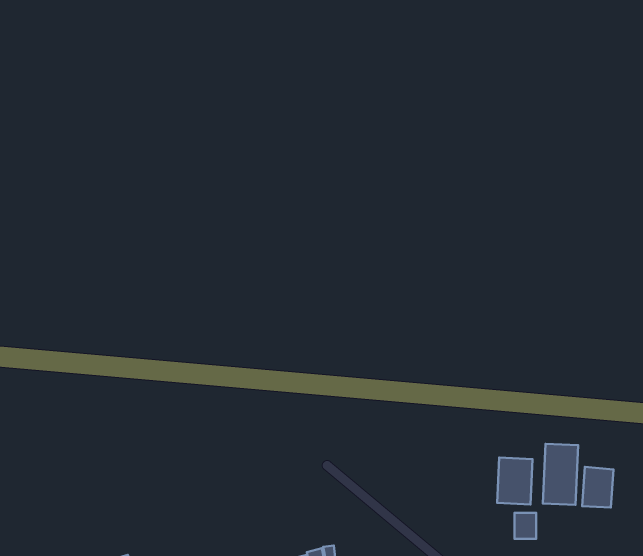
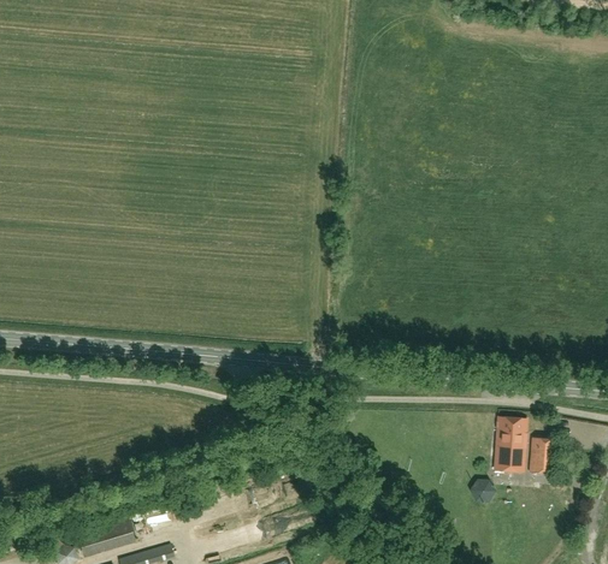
building: [497,457,533,504] -> none

